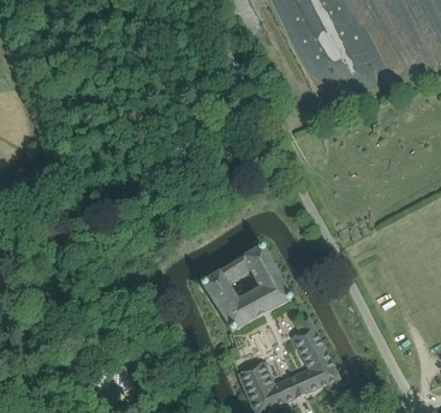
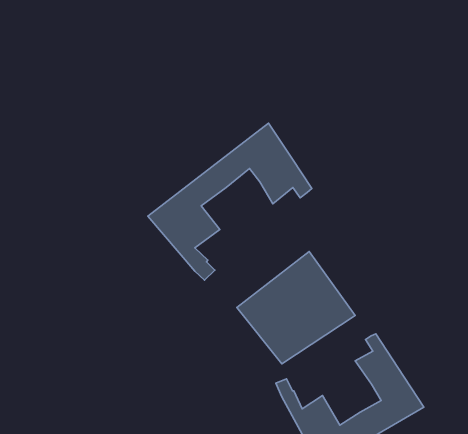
building: none -> [148,123,312,280]

